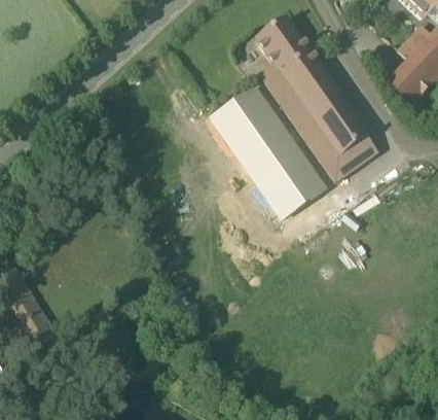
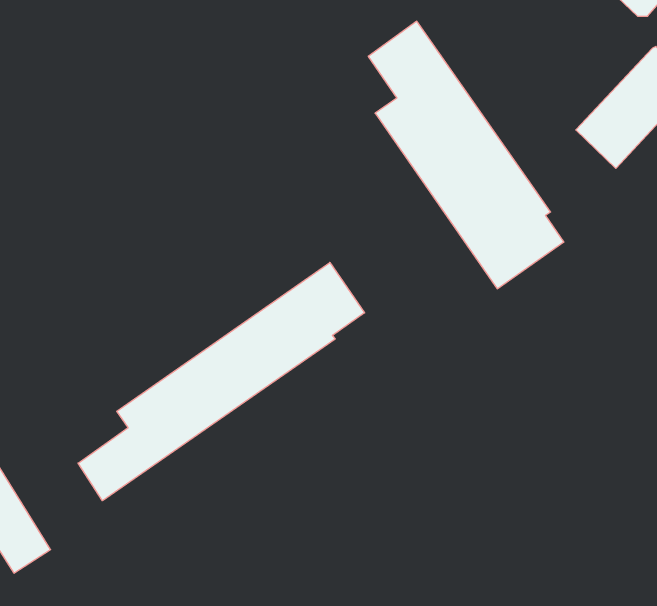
building: [216,90,323,214] -> none
building: none -> [78,262,365,501]

